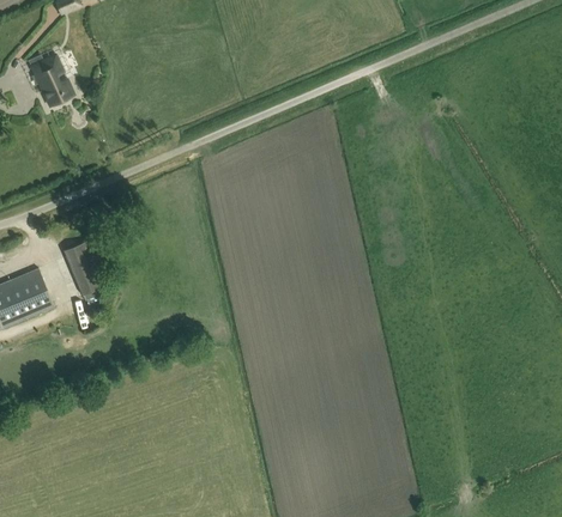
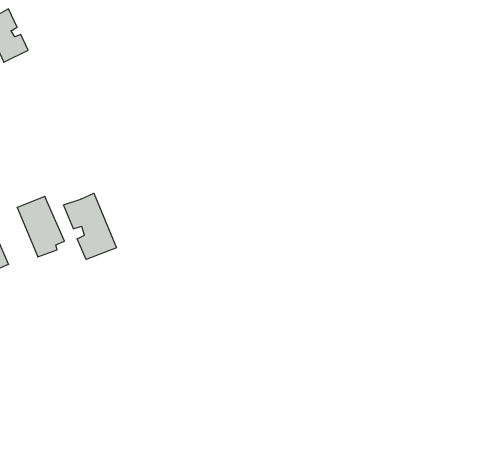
building: none -> [63,193,117,259]

